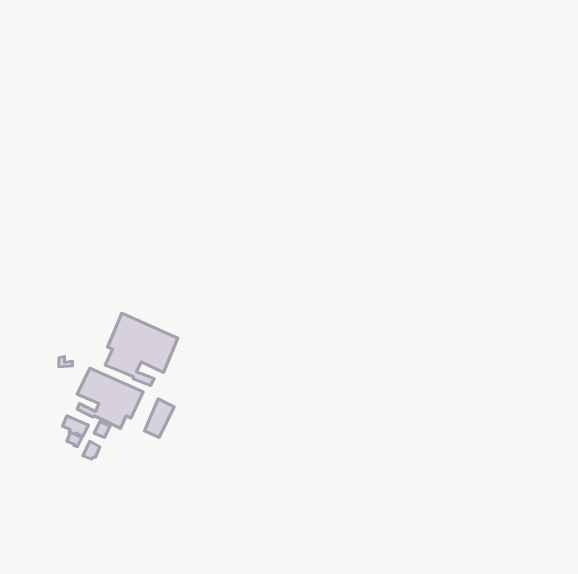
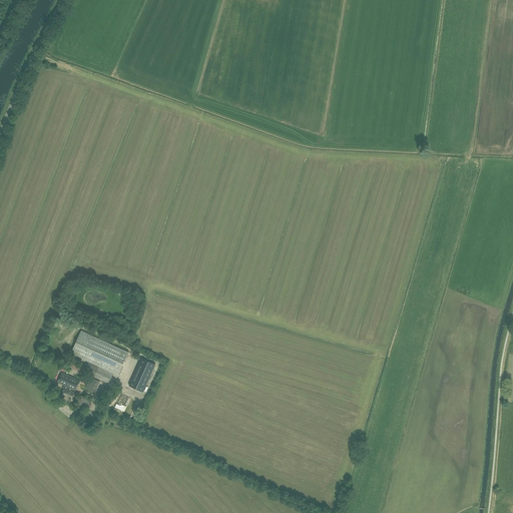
building: [105,313,178,386] -> none

